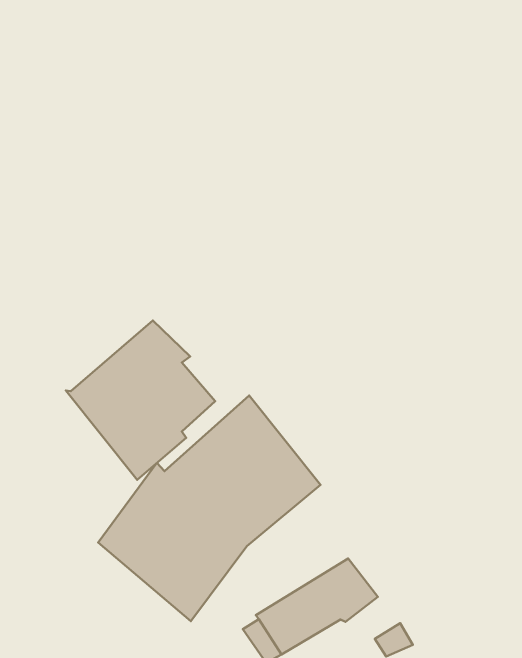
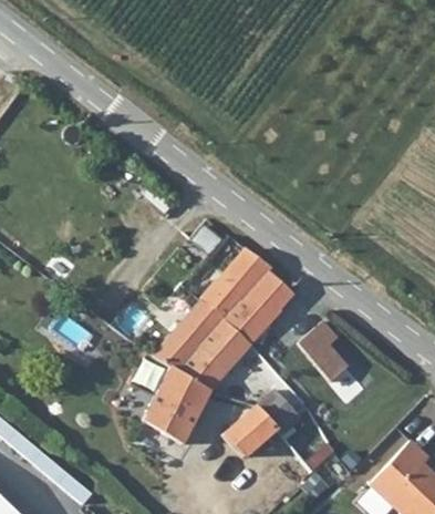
building: [66,321,215,480] -> [198,246,292,347]
building: none -> [297,319,345,378]

